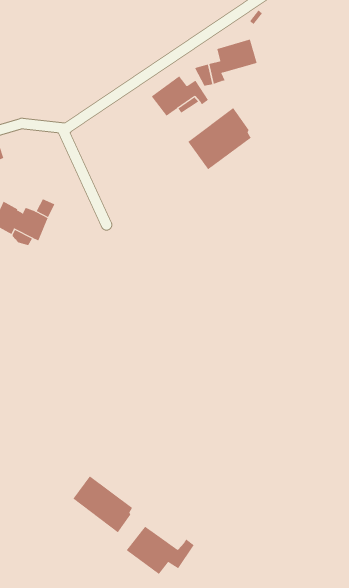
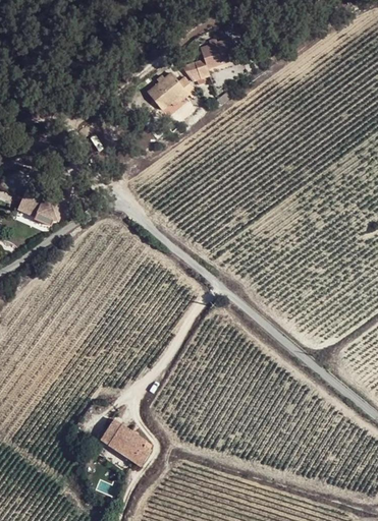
building: [188,107,252,170] -> none
building: [126,526,195,575] -> none

